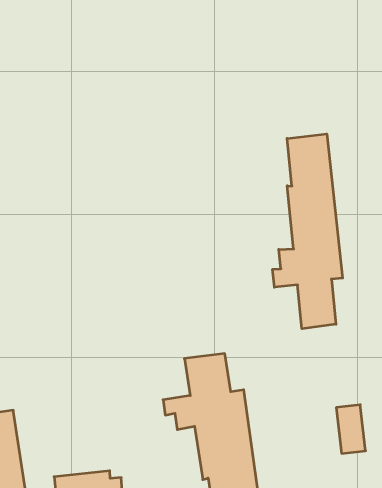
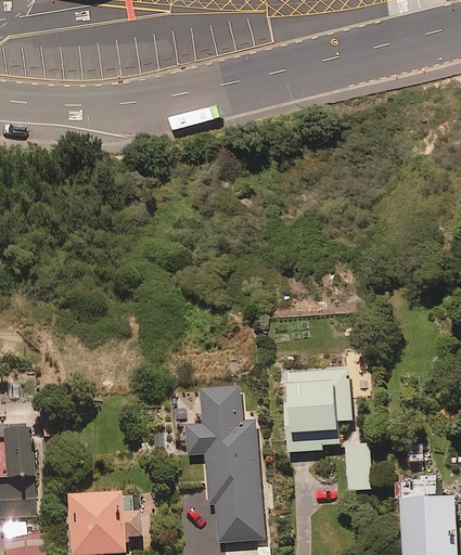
building: [273,134,343,329] -> none
building: none -> [284,369,351,452]

